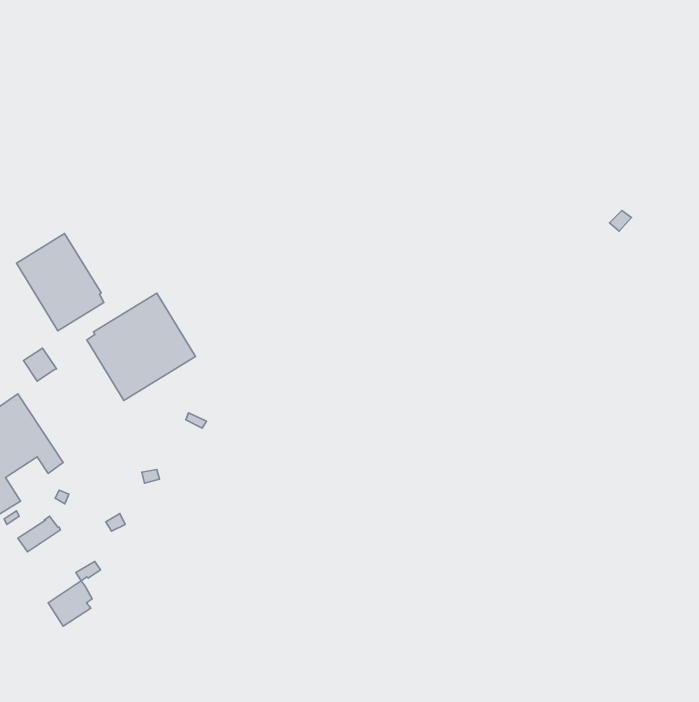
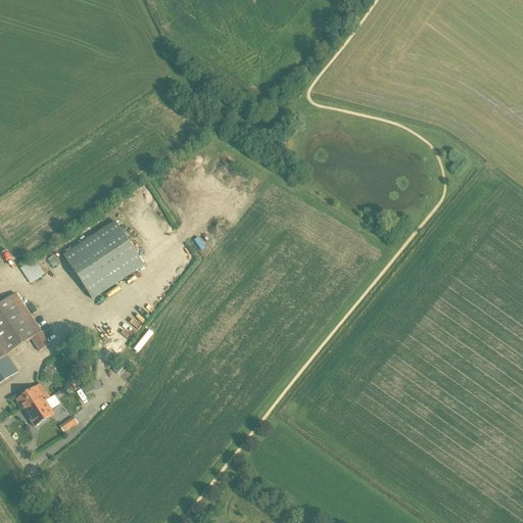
building: [16,233,104,331] -> none
building: [48,581,92,626] -> [20,393,53,427]

